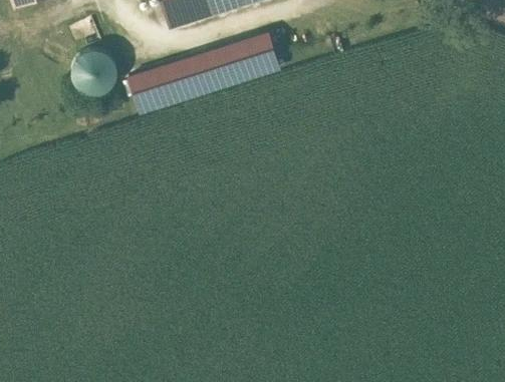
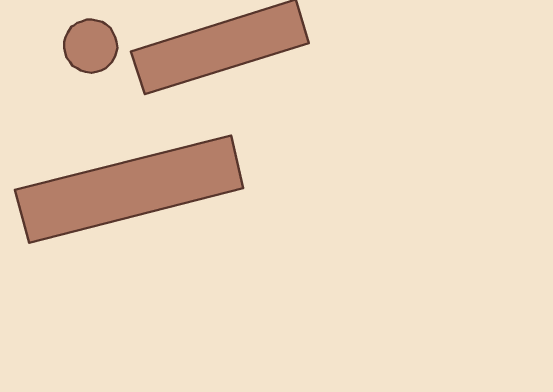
building: none -> [15,136,243,243]

